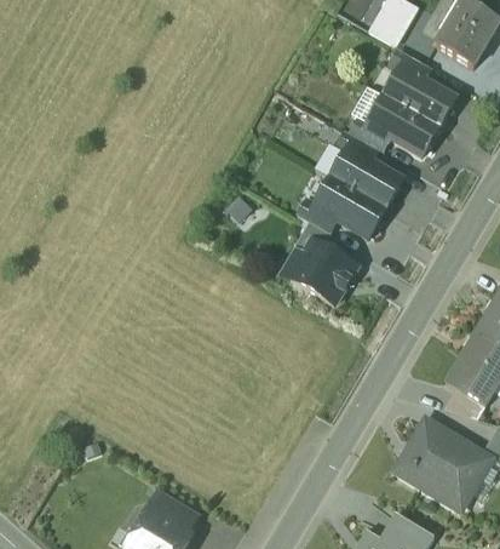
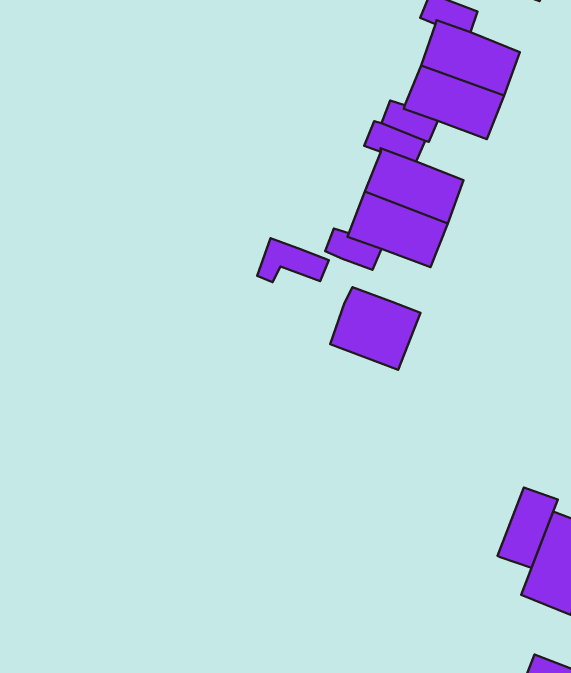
building: [295,219,346,255] -> [257,238,329,282]
building: none -> [497,488,558,568]

